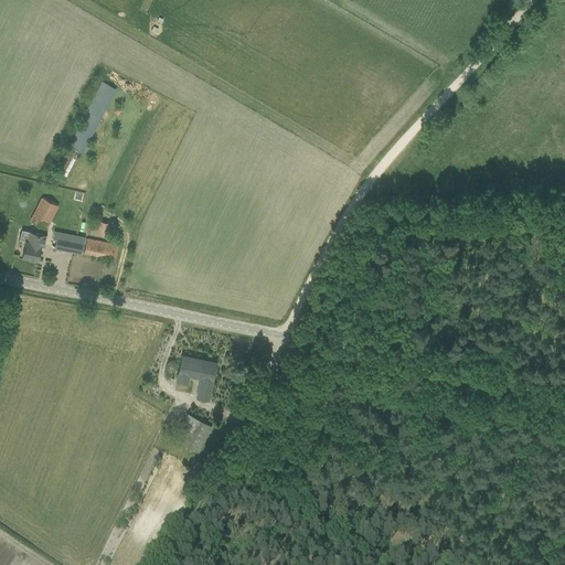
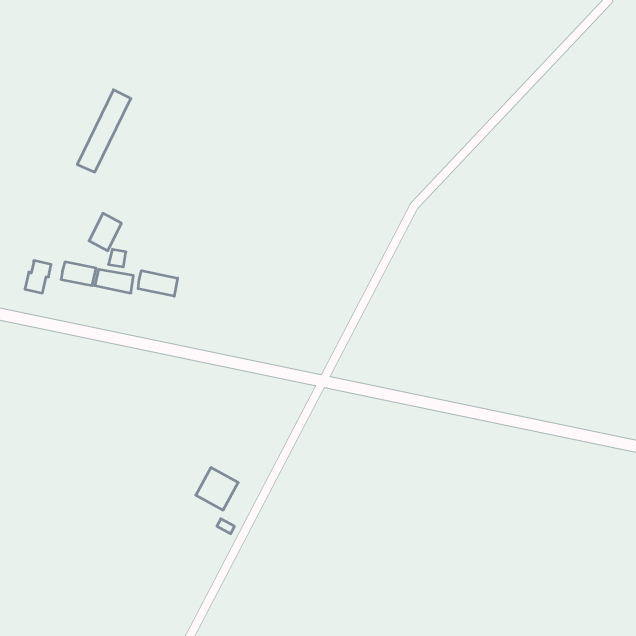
building: [31,198,60,231] -> [89,213,121,251]
building: none -> [138,271,178,296]
building: [178,356,217,401] -> none

